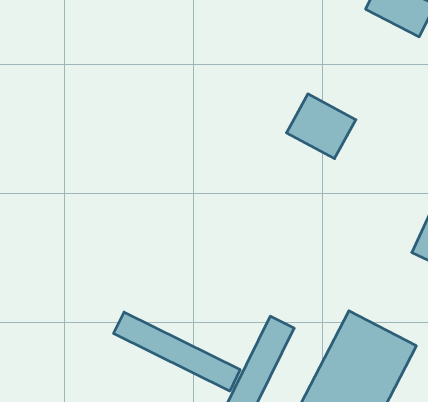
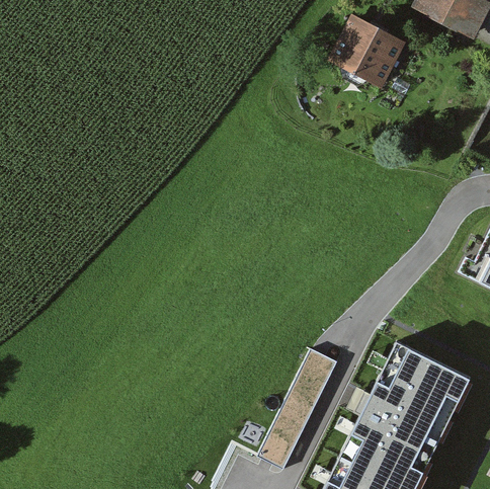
building: [286,94,356,159] -> [331,17,407,88]
building: [114,312,240,391] -> none

